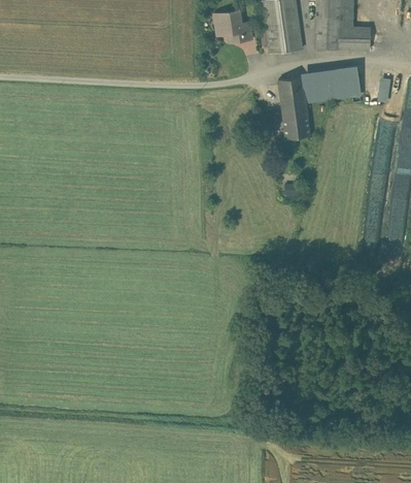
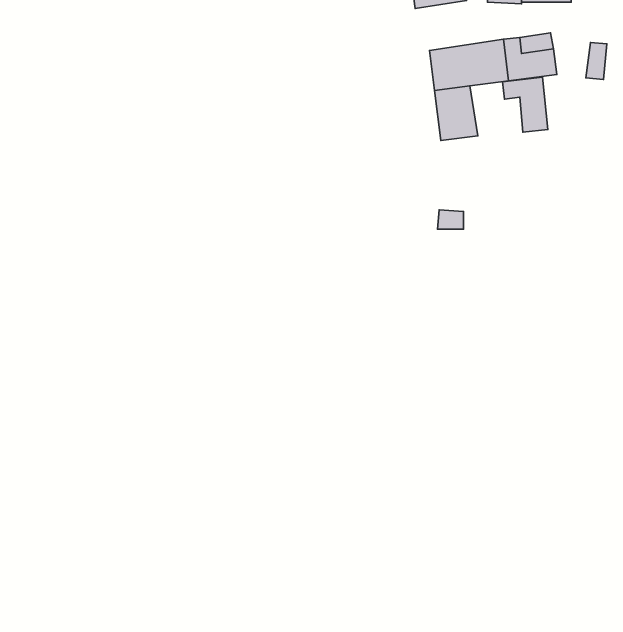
building: none -> [502,77,548,132]

